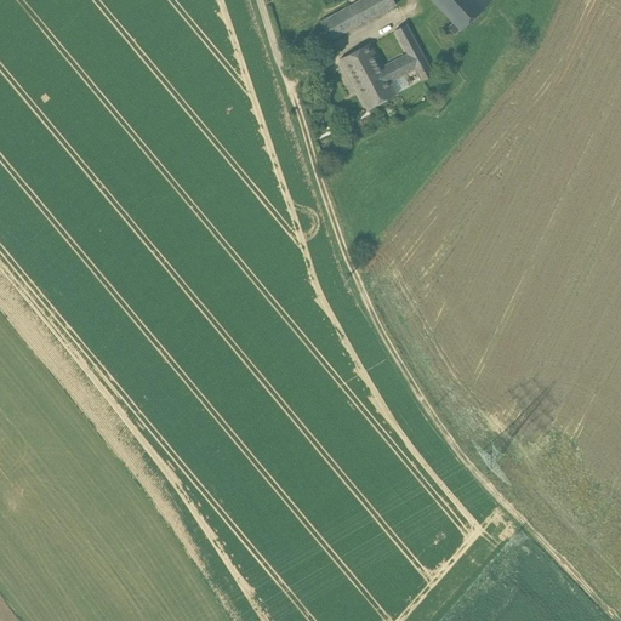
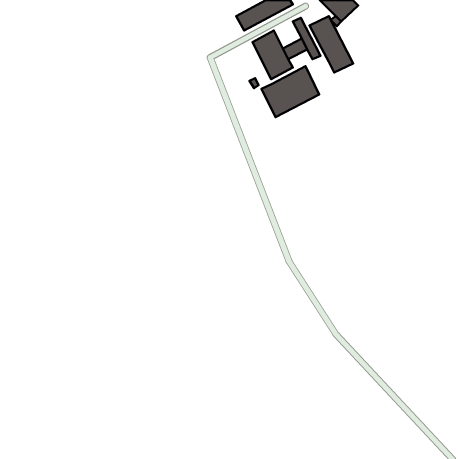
building: none -> [309,16,353,73]
building: none -> [262,66,319,117]

